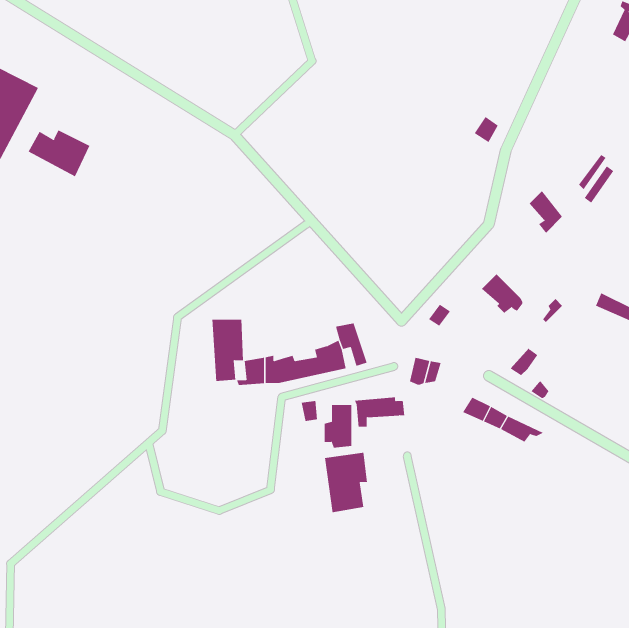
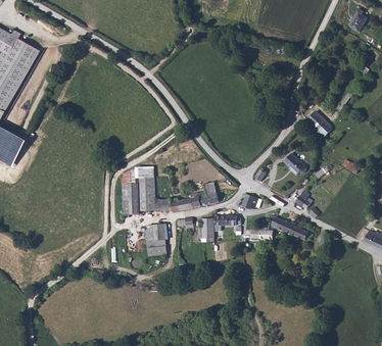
building: [28,129,90,177] -> none
building: [324,452,368,513] -> [143,225,166,257]

